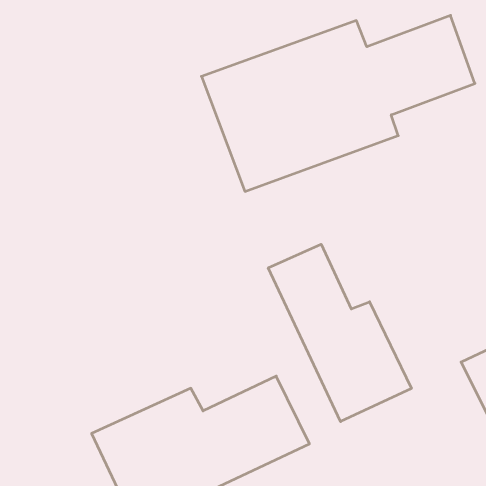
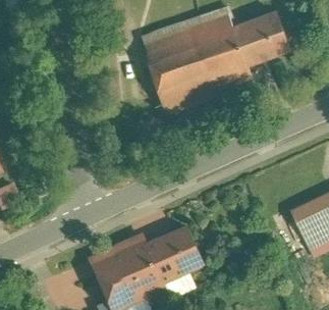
building: [268,244,411,422] -> none

